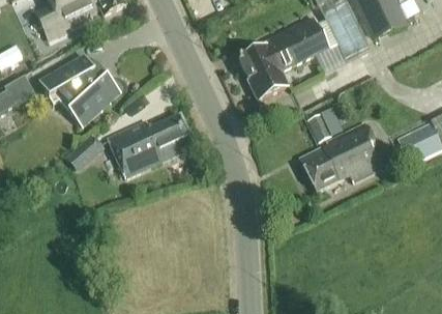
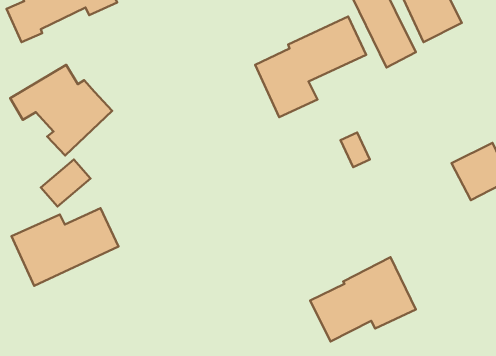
building: [107,113,194,176] -> [11,208,119,286]
building: [298,121,384,190] -> [310,257,416,341]

